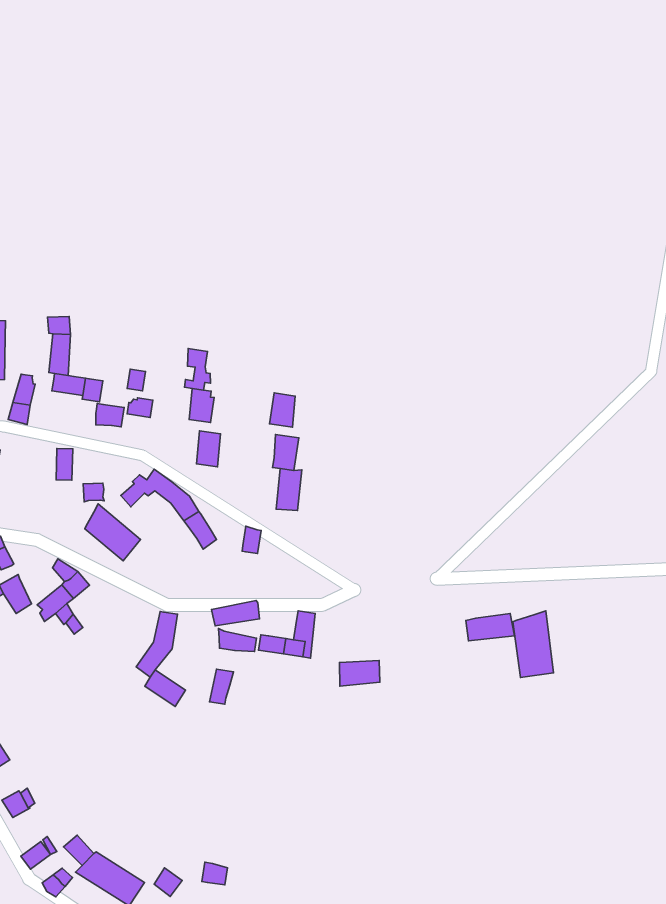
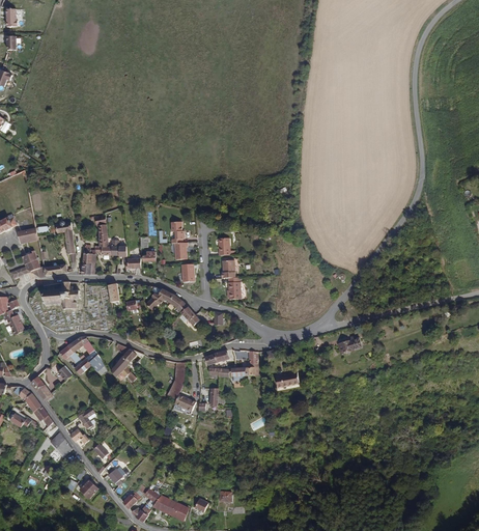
building: [85,504,140,561] -> none
building: [513,611,553,678] -> none

